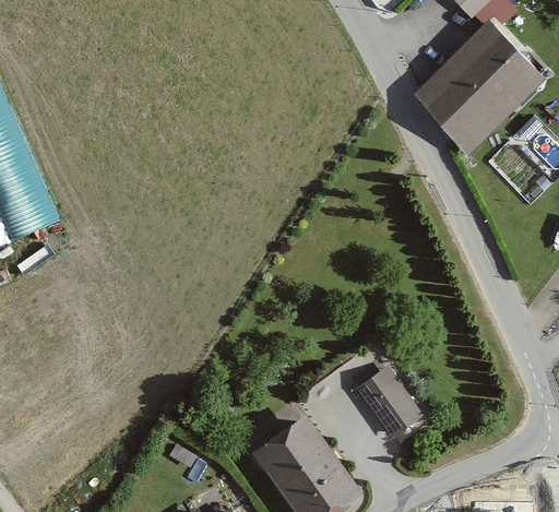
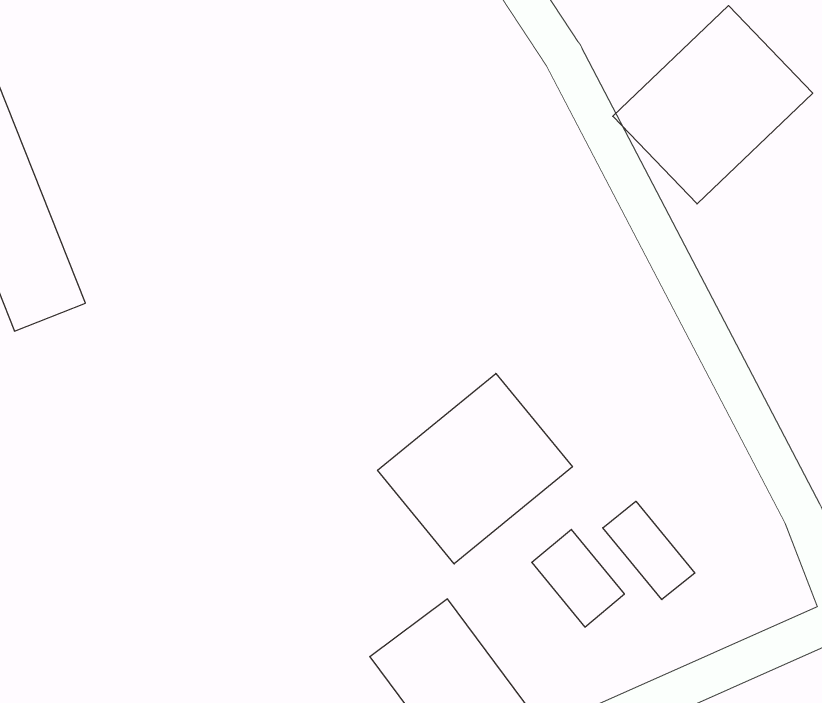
building: none -> [378,373,572,564]
building: none -> [603,501,695,600]

